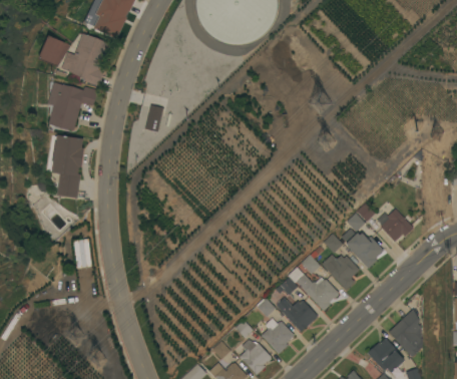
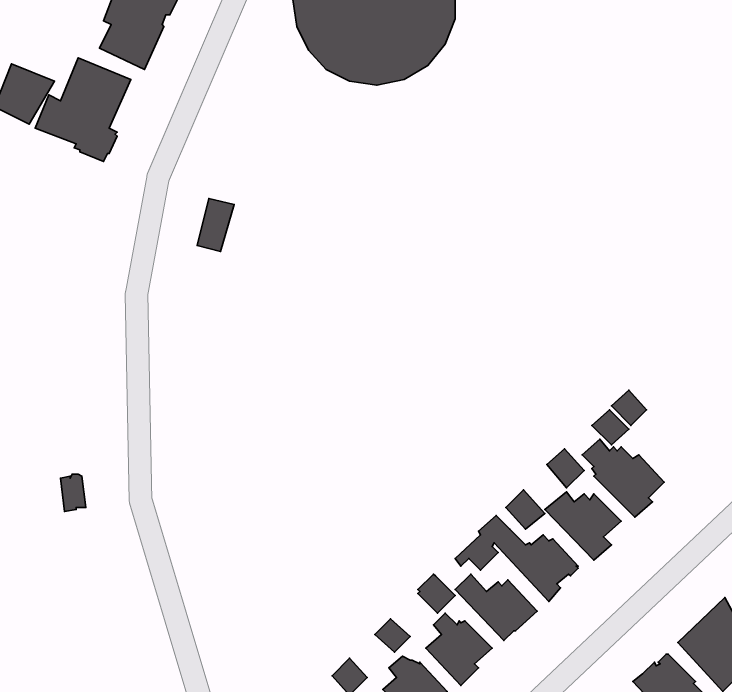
building: [47,81,96,130] -> none
building: [50,134,83,198] -> none
building: [380,208,413,241] -> none

